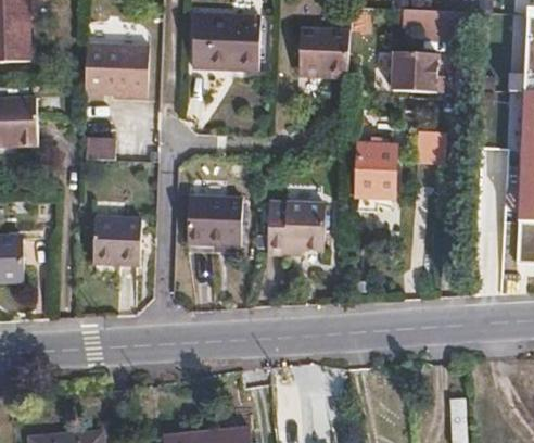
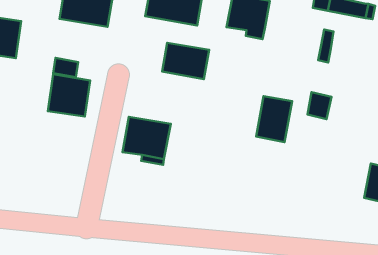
building: [389,49,421,91] -> none
building: none -> [162,43,209,79]
building: [266,199,321,252] -> none
building: [97,214,144,262] -> [48,74,90,117]

